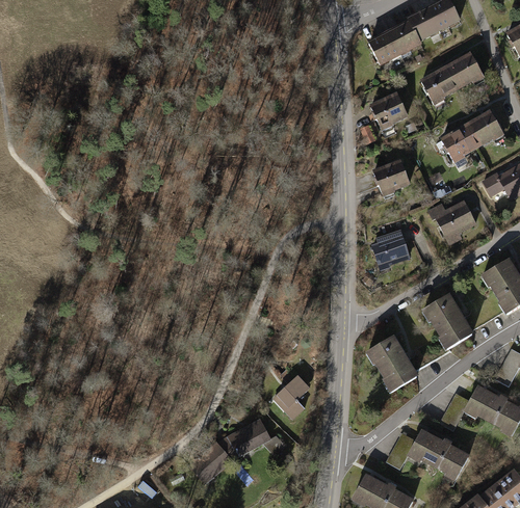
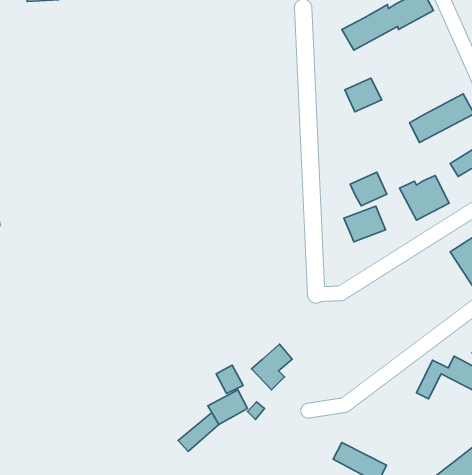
building: [420,55,484,104] -> none
building: [370,158,409,193] -> [350,172,387,206]
building: [425,290,482,350] -> none
building: [363,337,416,396] -> none
building: none -> [216,365,243,394]
building: [384,430,469,474] -> none

